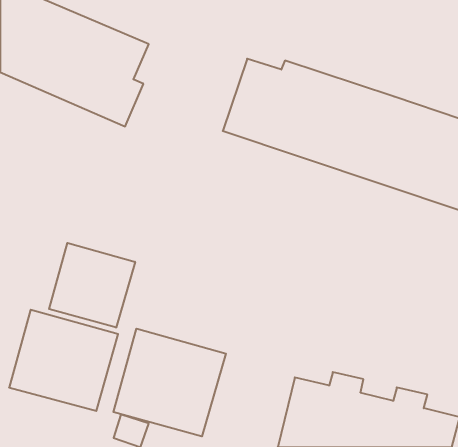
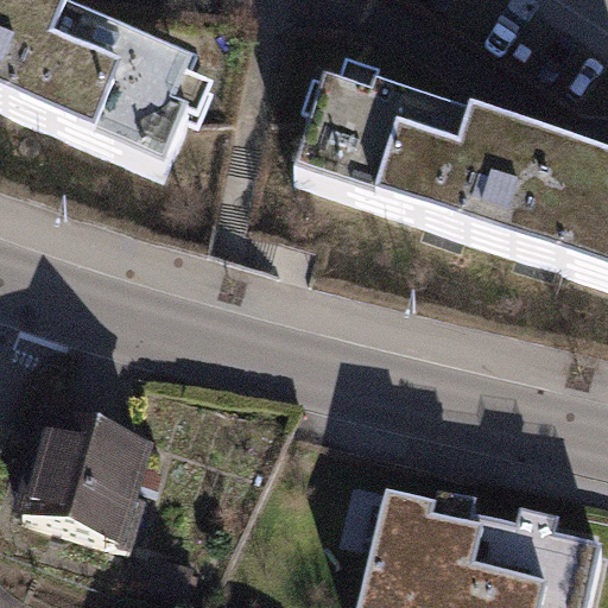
building: [49,243,135,328] -> none
building: [113,329,226,436] -> none

